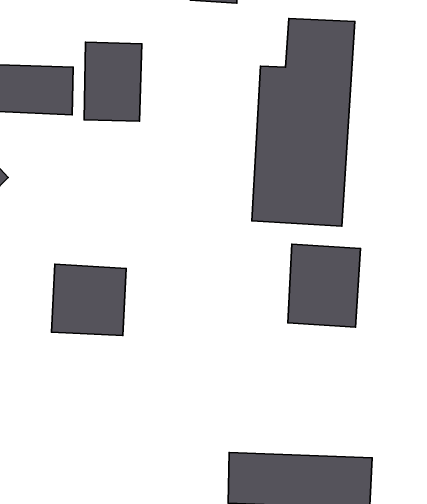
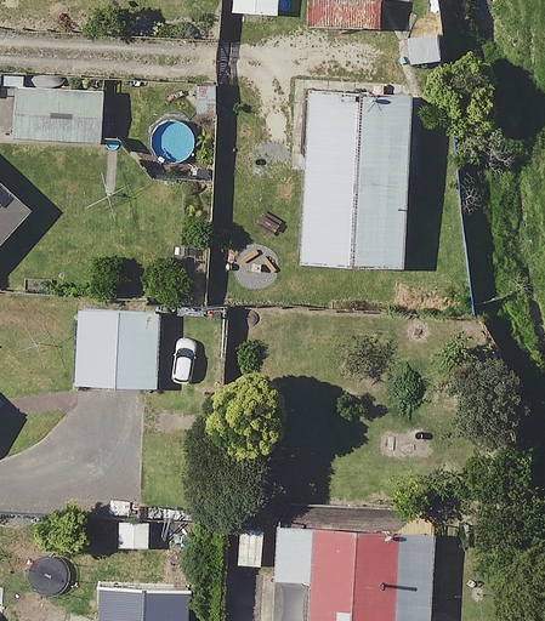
building: [84,42,142,121] -> none
building: [288,244,361,327] -> none

